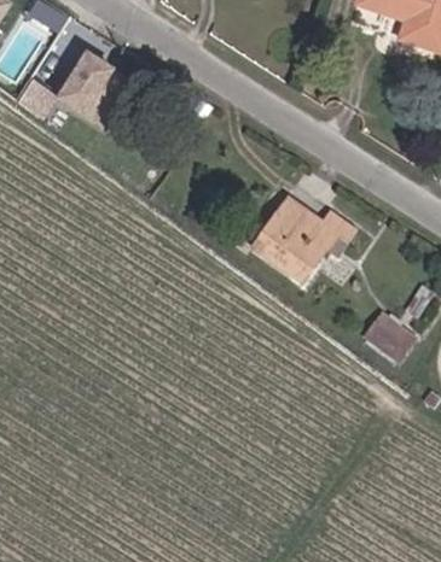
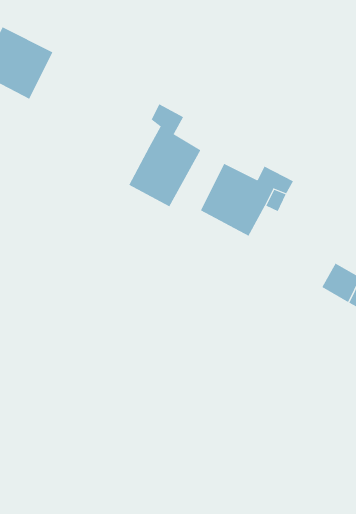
building: none -> [128,103,201,207]

